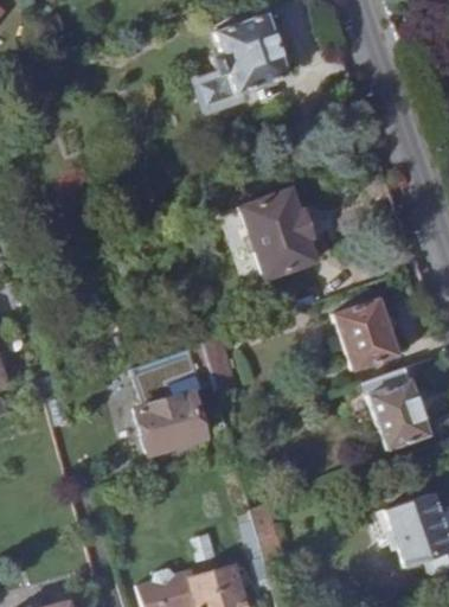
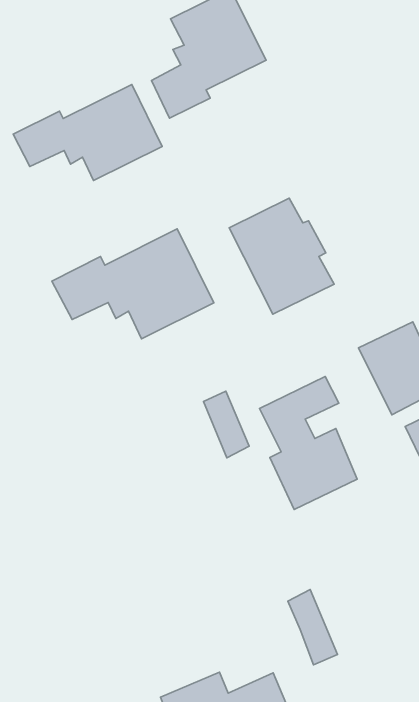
building: none -> [13,84,162,180]
building: none -> [52,229,214,339]
building: [133,349,204,452] -> [259,377,357,509]

